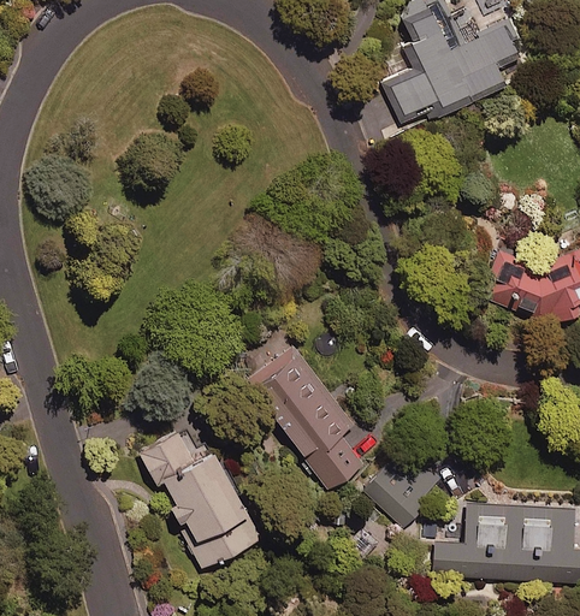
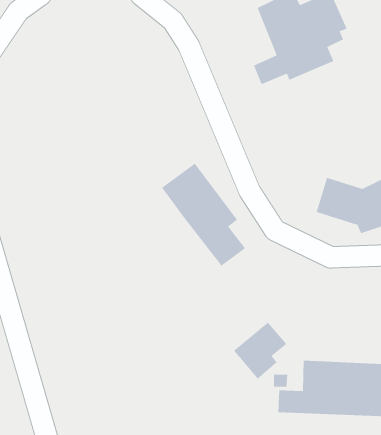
building: [245,345,362,488] -> [161,163,246,266]
building: [136,425,260,571] -> none

